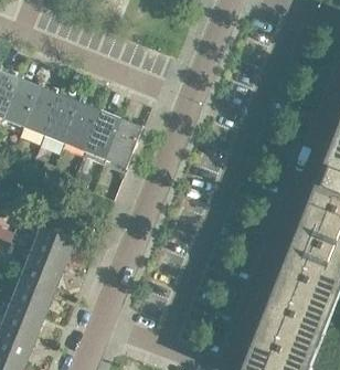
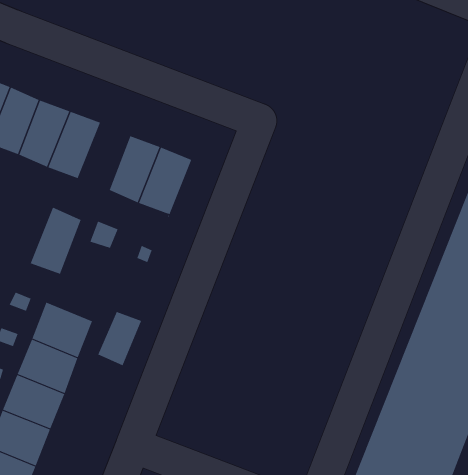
building: [64,103,99,149] -> [30,207,82,275]
building: none -> [98,311,142,366]

